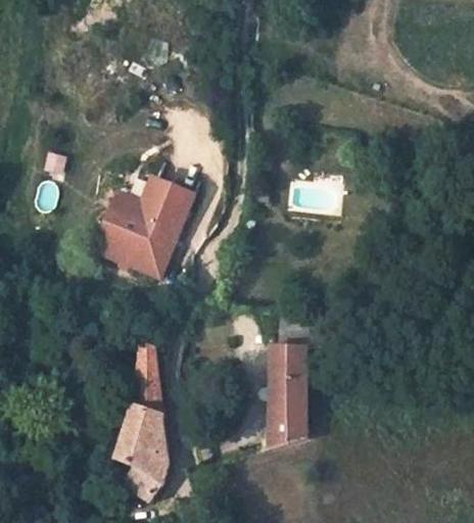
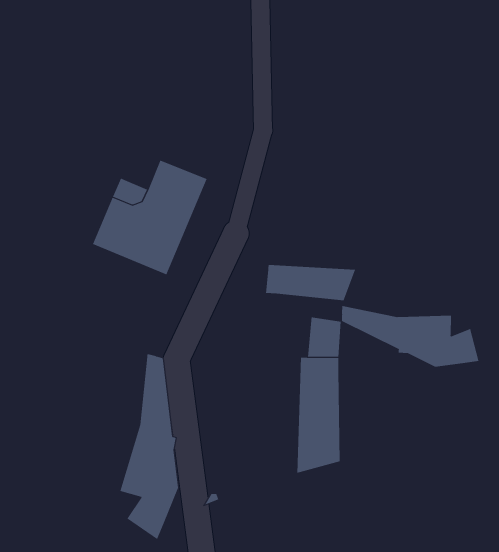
building: none -> [266,264,356,301]
building: none -> [342,305,479,368]

